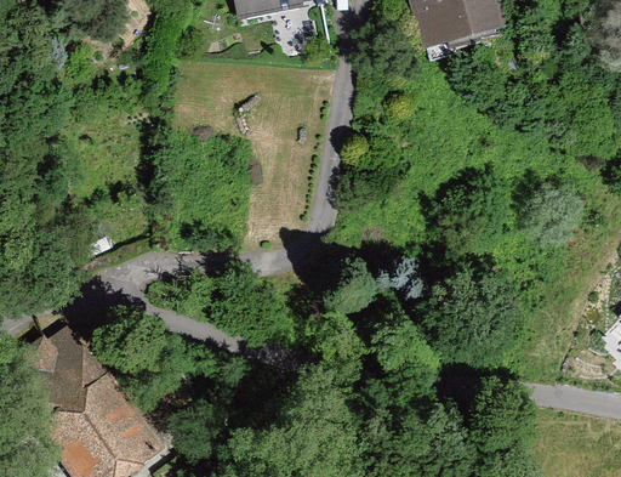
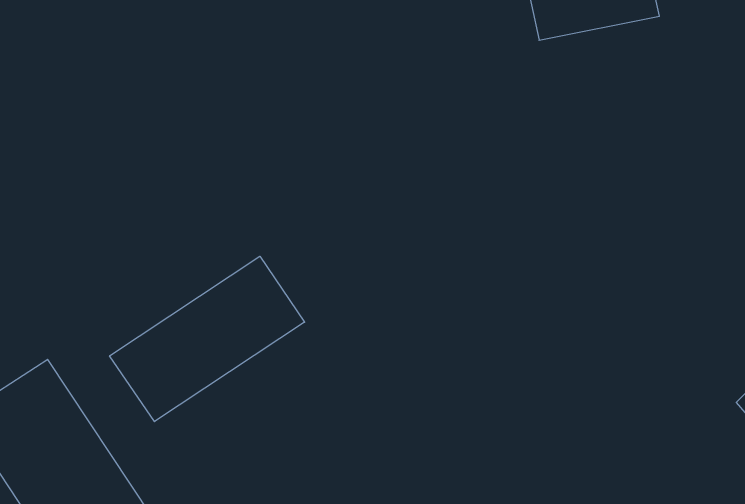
building: none -> [110,256,305,422]

